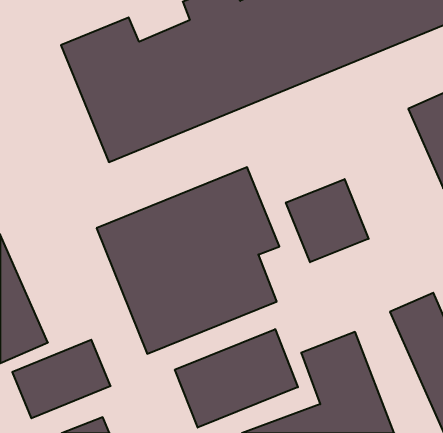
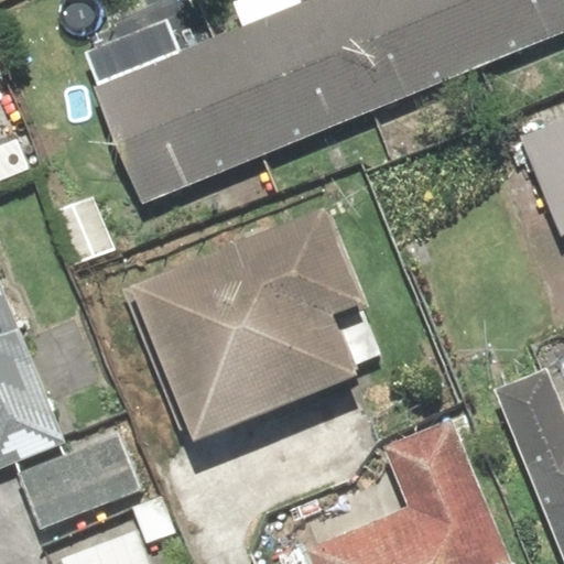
building: [286,179,369,262] -> none
building: [175,329,298,428] -> none

